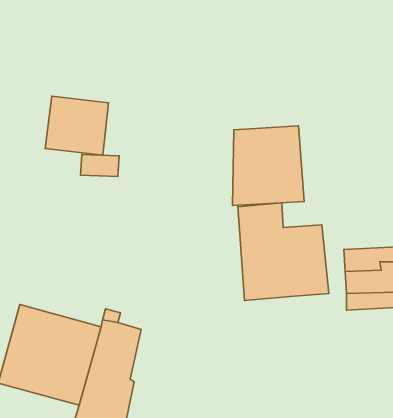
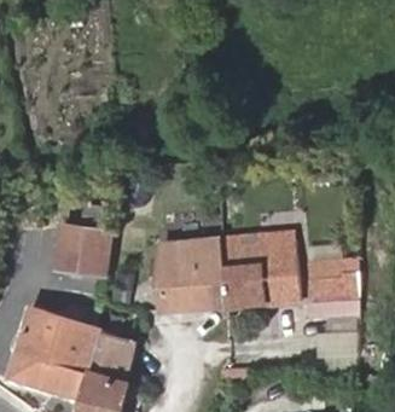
building: [45,96,108,155] -> [53,222,109,274]
building: [232,126,304,206] -> [161,240,223,311]

